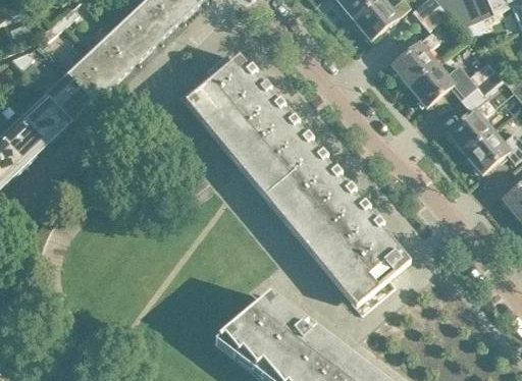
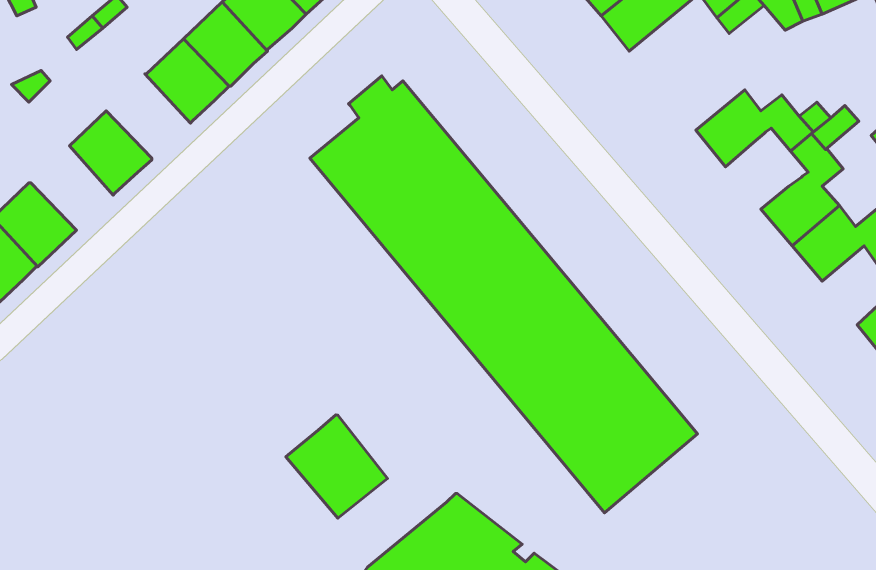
building: [392,33,438,86] -> none
building: [66,53,115,102] -> none
building: [22,95,70,144] -> none
building: none -> [286,415,388,518]

